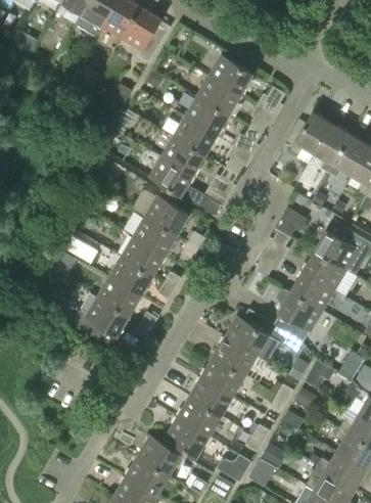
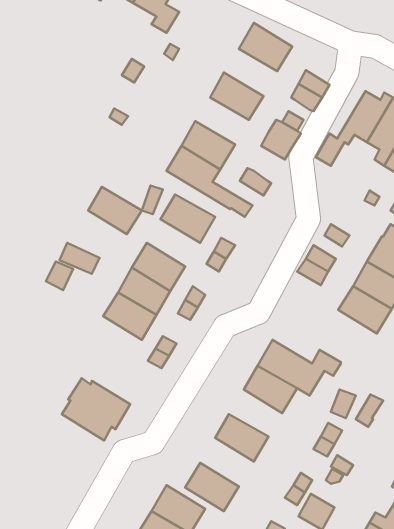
building: [196,77,240,116] -> none
building: [173,117,217,155] -> none
building: [133,217,177,256] -> [88,187,142,234]
building: [277,290,322,341] -> none
building: [73,294,129,346] -> [62,378,130,440]
building: [200,357,244,396] -> none
building: [177,397,221,437] -> none

